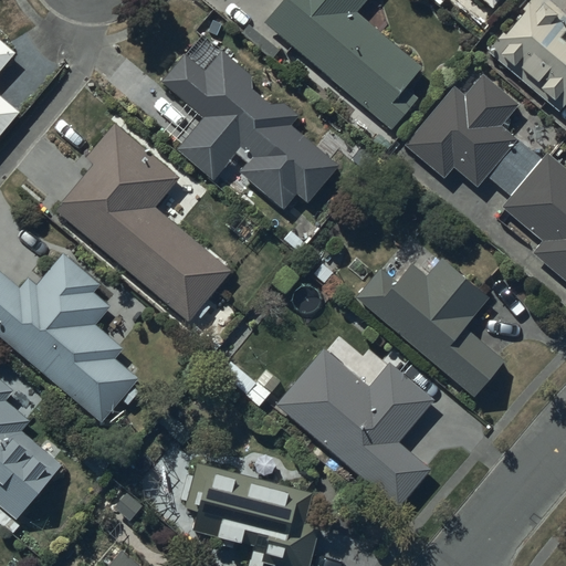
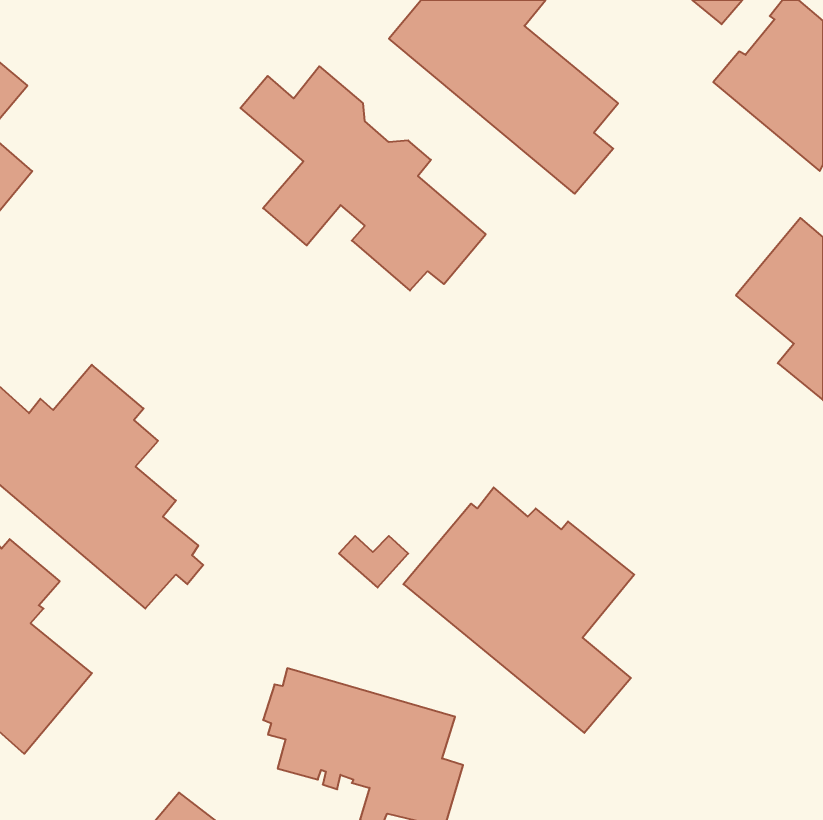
building: [406,77,541,199] -> none
building: [53,123,229,317] -> none
building: [356,253,505,397] -> none

